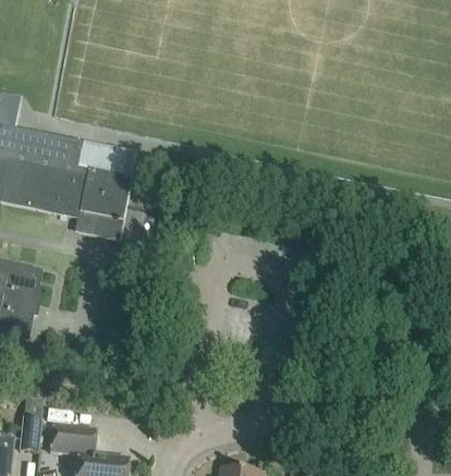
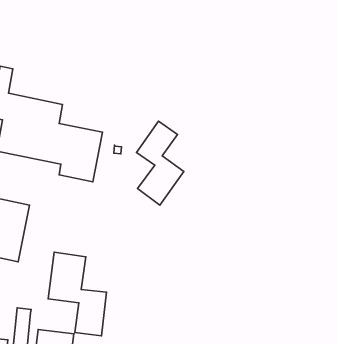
building: none -> [136,121,184,205]
building: none -> [48,252,106,336]

